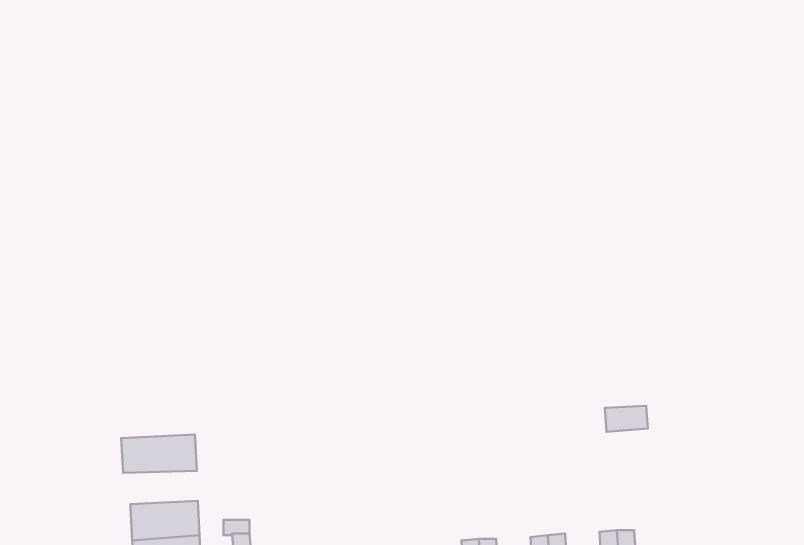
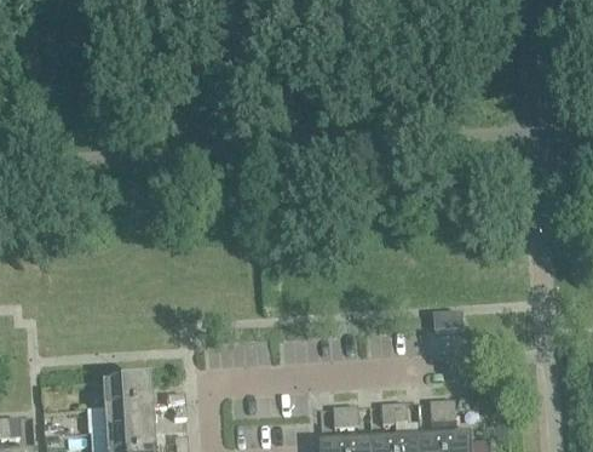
building: [121,434,197,473] -> none

